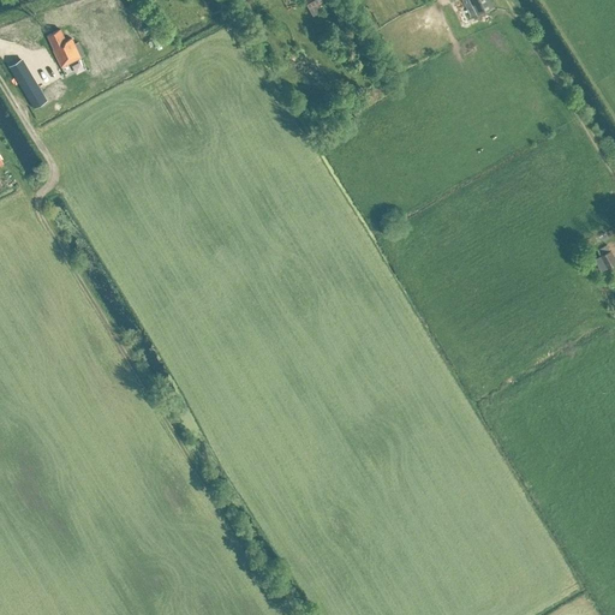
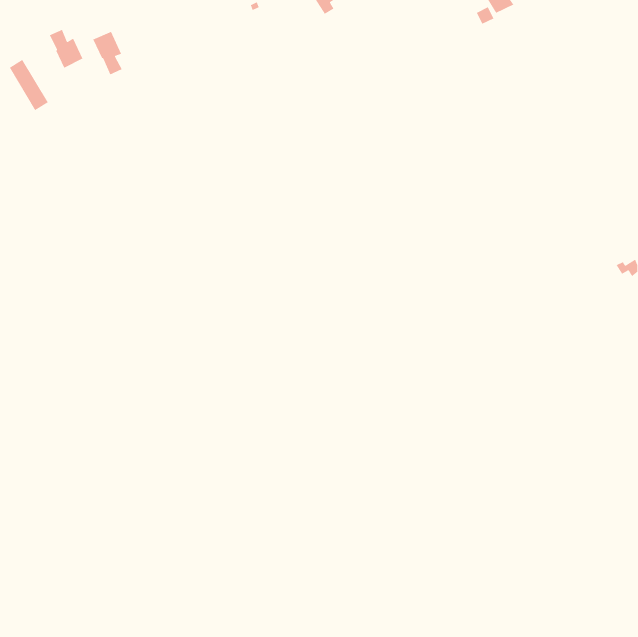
building: none -> [92,31,123,76]

